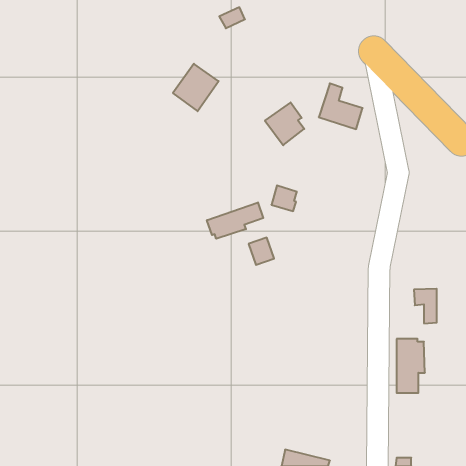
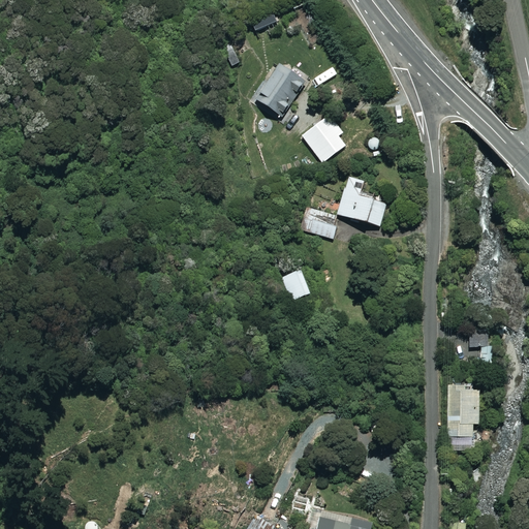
building: [173,64,219,111] -> [252,64,304,118]
building: [319,83,363,129] -> [336,177,385,228]
building: [207,202,263,239] -> none

